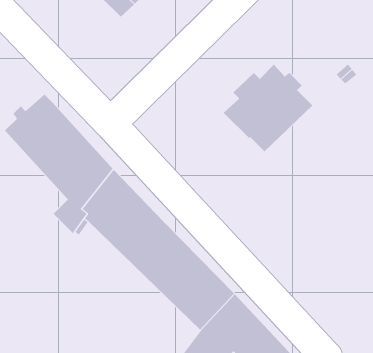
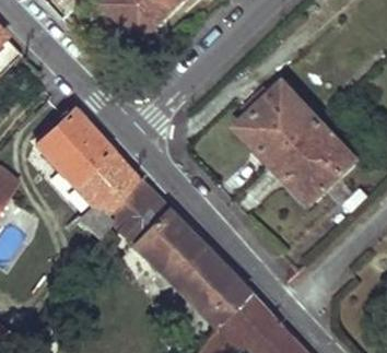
building: none -> [275,119,357,202]

